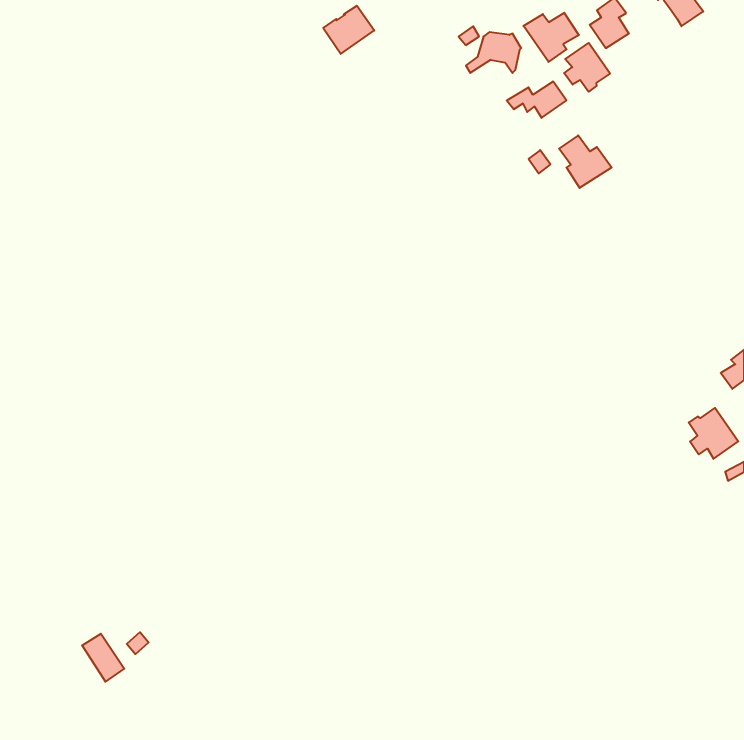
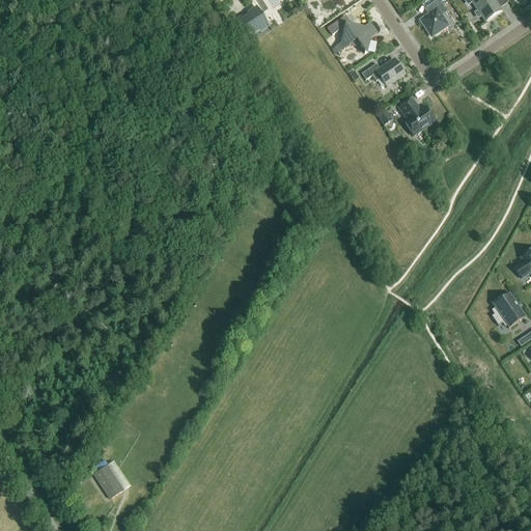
building: [523,13,579,62] -> none
building: [564,43,610,92] -> none
building: [82,634,124,682] -> [93,464,123,498]

